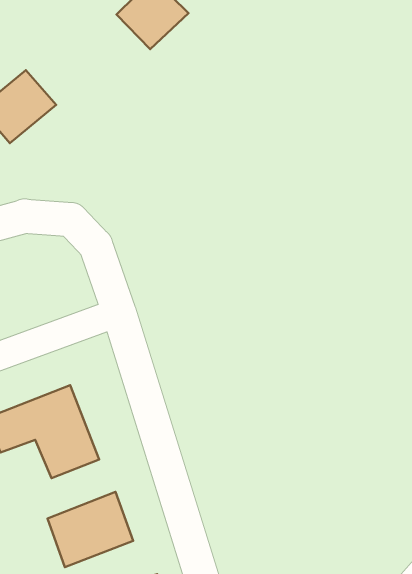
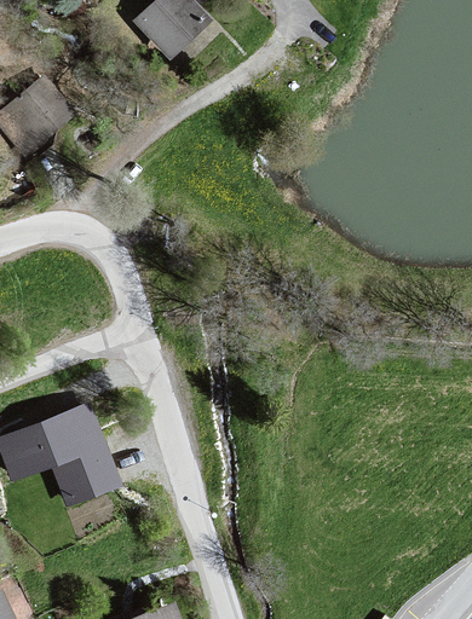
building: [47,492,133,567] -> none

